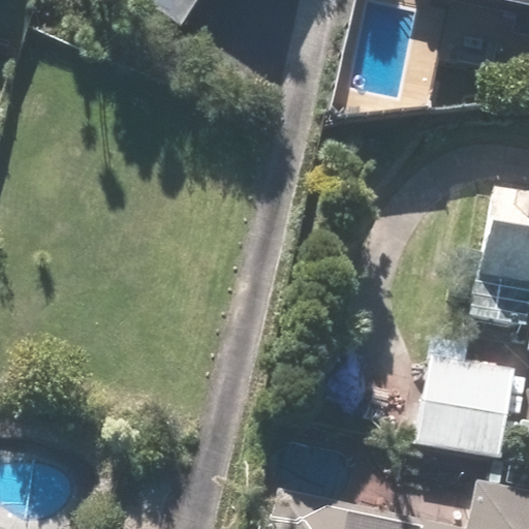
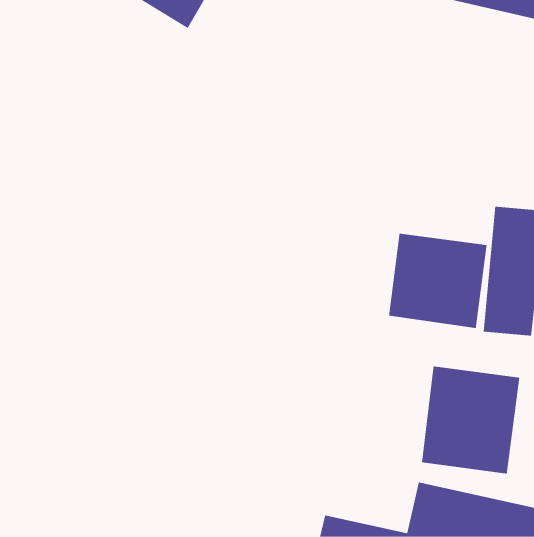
building: none -> [389,233,487,329]

